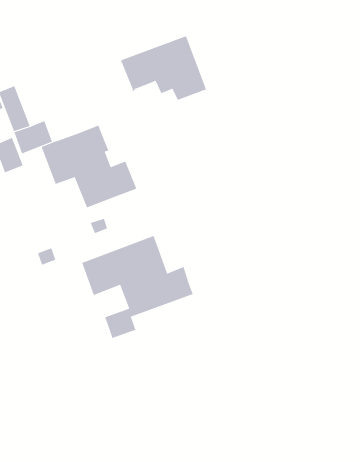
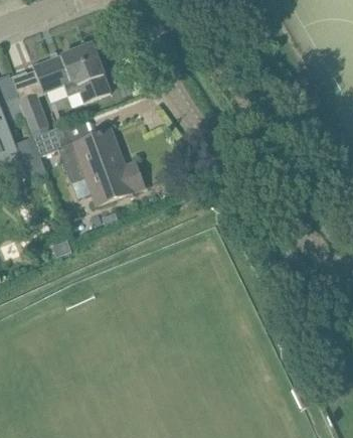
building: [120,35,207,101] -> [32,42,110,101]
building: [82,235,193,339] -> none

